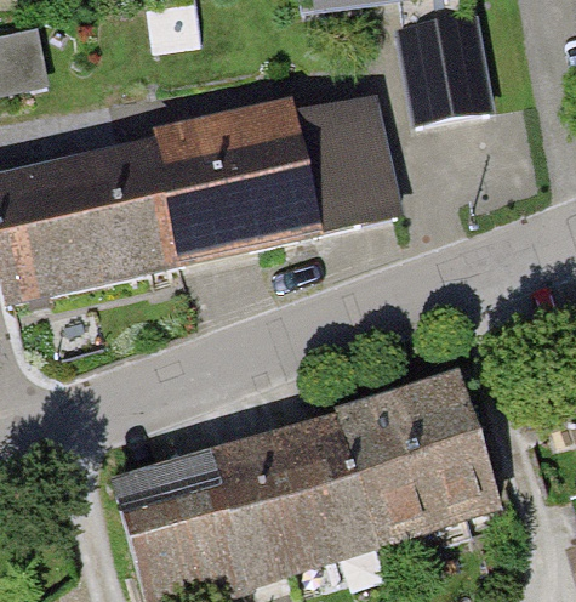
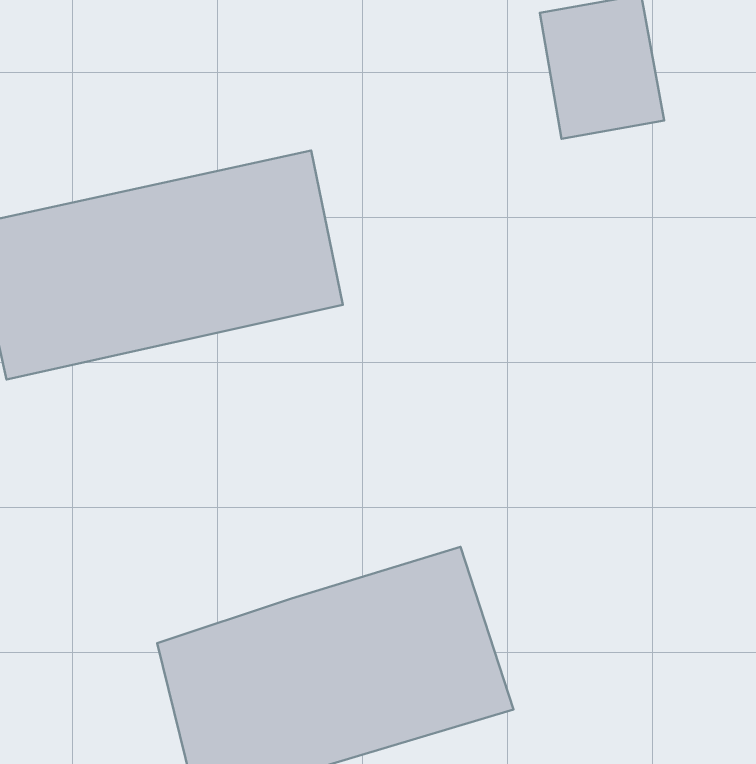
building: [232,93,398,239] -> none
building: [338,370,500,535] -> none

